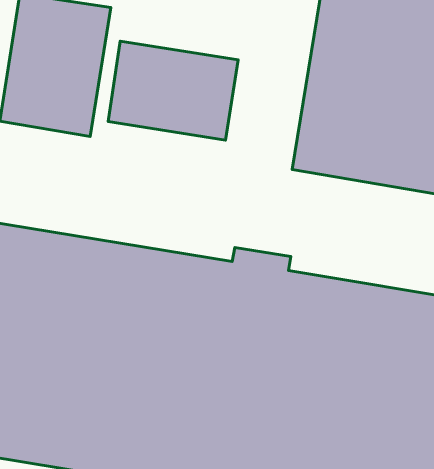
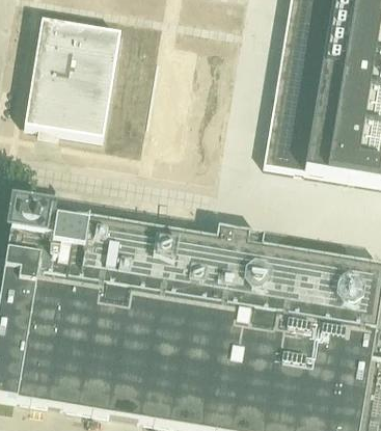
building: [108,41,238,140] -> none

